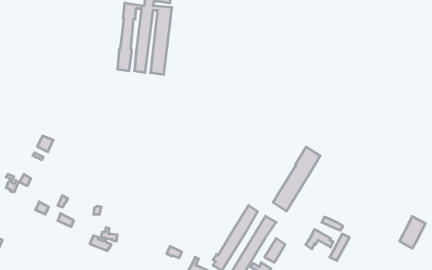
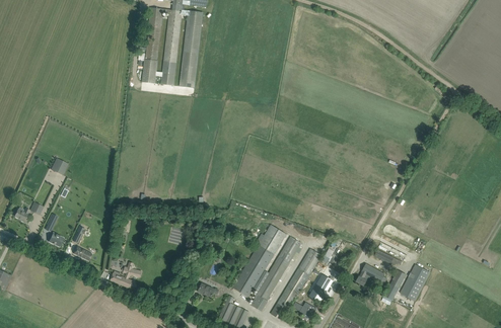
building: [273,147,320,211] -> [232,224,286,297]
building: [400,216,425,248] -> [400,263,429,300]

